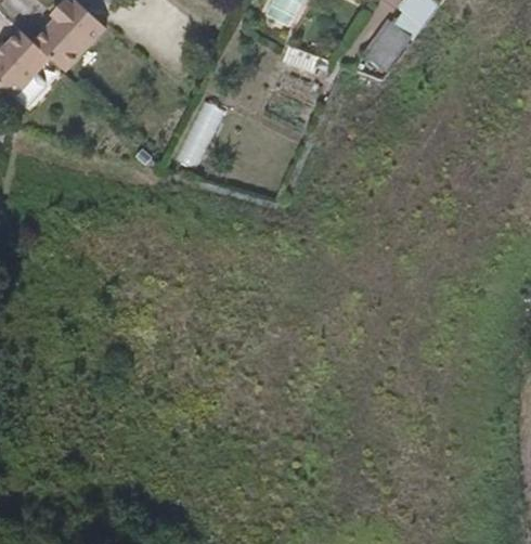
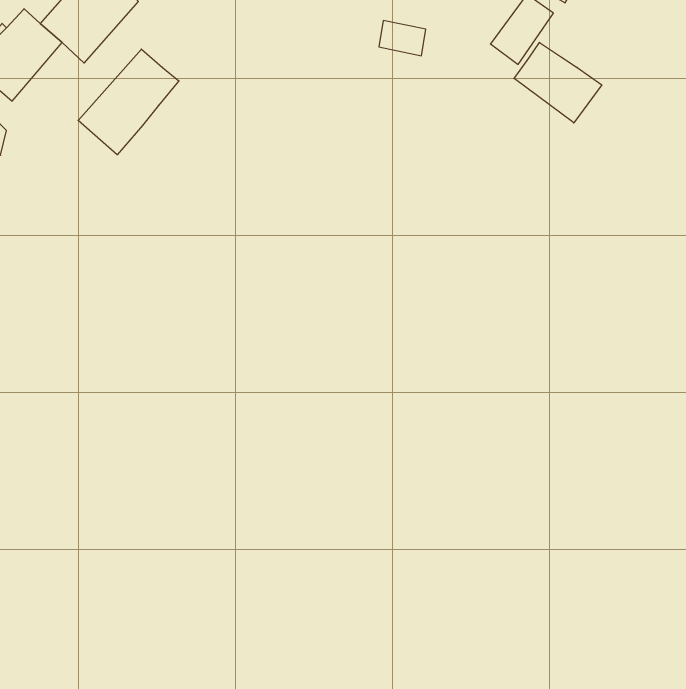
building: none -> [514,42,602,123]
building: none -> [78,49,179,155]

